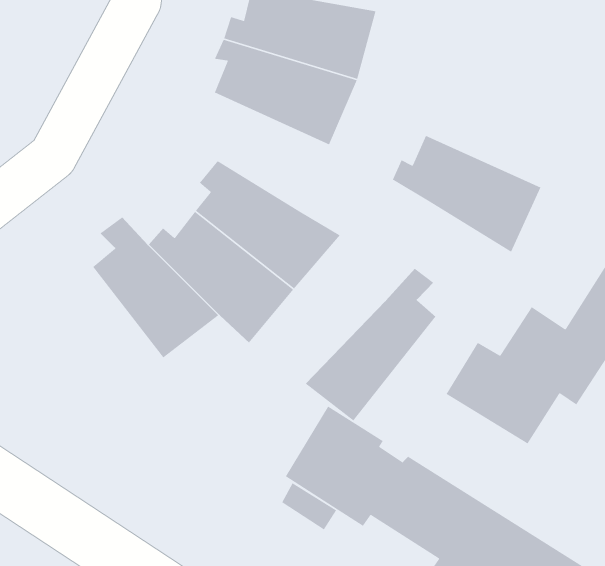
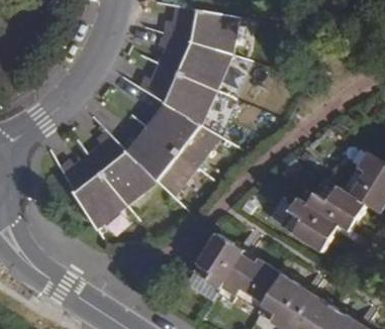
building: [392,135,541,253] -> [135,62,216,125]
building: none -> [57,155,126,229]
building: [305,268,436,422] -> none

